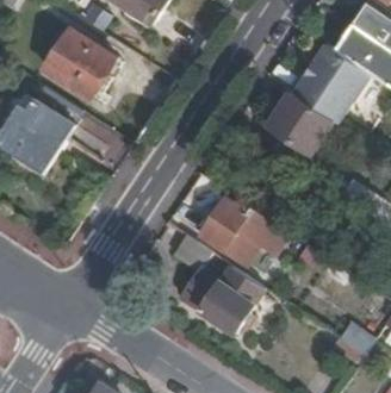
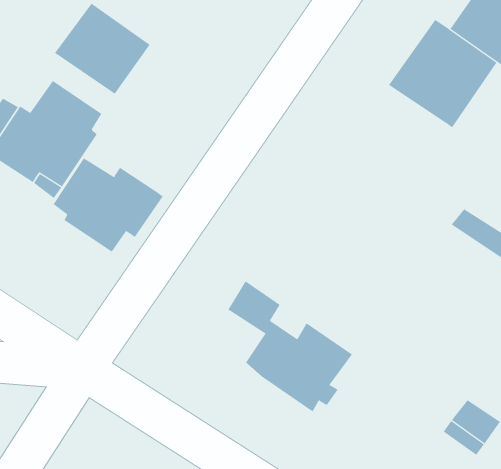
building: [267,89,335,154] -> none
building: none -> [53,157,164,253]
building: [196,198,287,263] -> none

